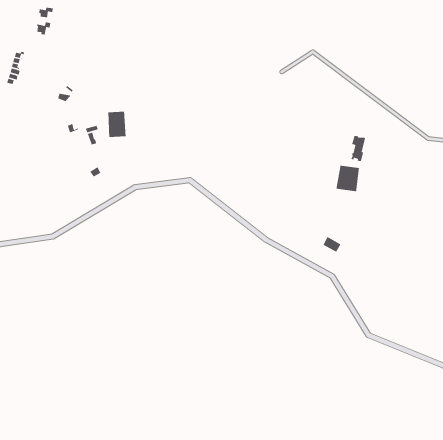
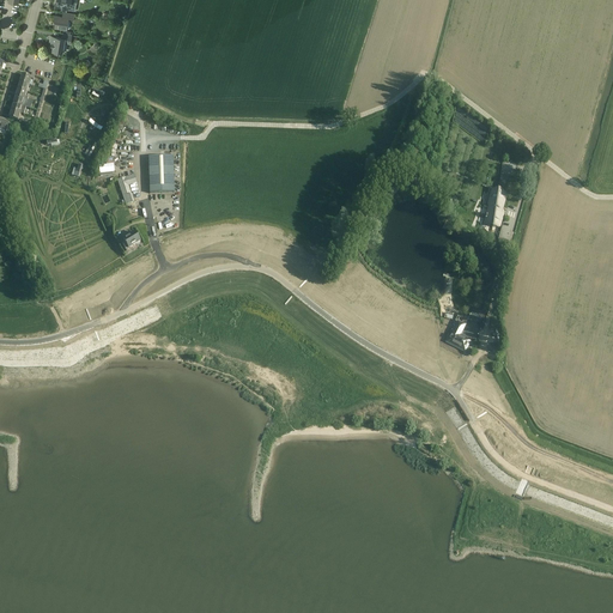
building: [336,165,360,192] -> none

